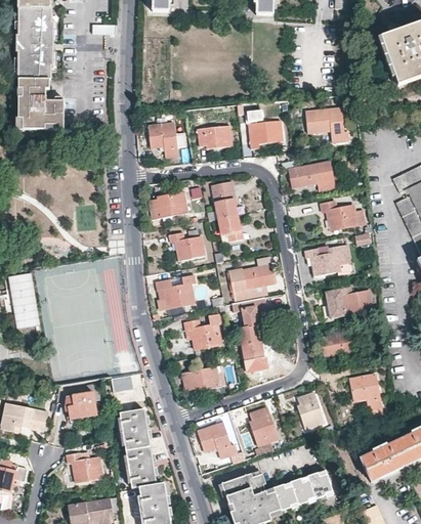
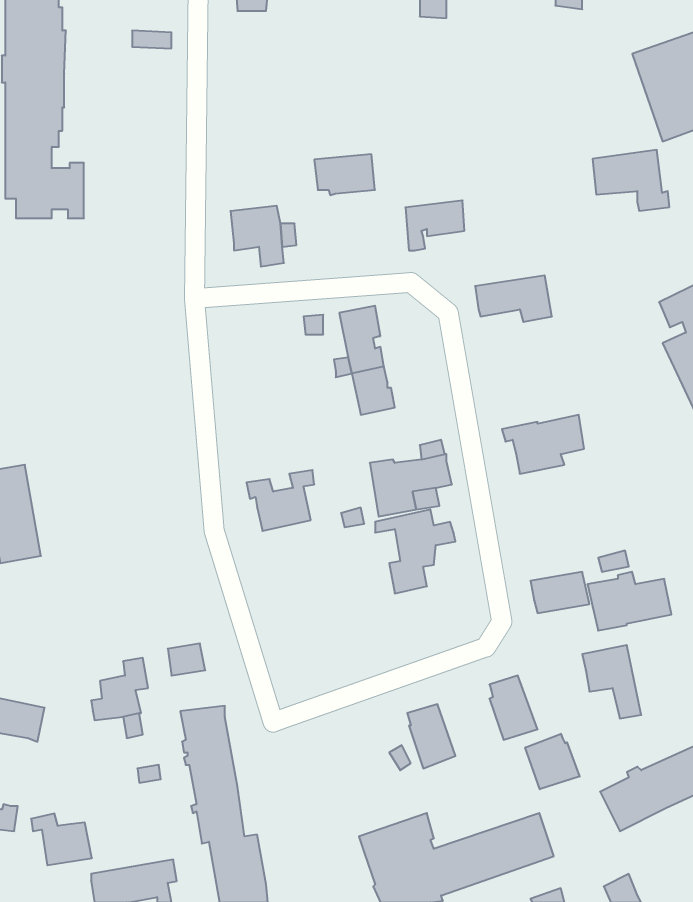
building: [304,106,348,141] -> [593,150,669,211]
building: [197,125,231,148] -> [314,154,375,195]
building: [149,190,187,220] -> none
building: [321,202,364,229] -> none
building: [169,232,204,261] -> none
building: [324,285,372,318] -> [587,572,671,631]
building: [184,316,220,349] -> none
building: [242,341,265,369] -> none
building: [180,361,222,391] -> none
building: [197,423,237,460] -> none
building: none -> [525,734,580,789]
building: [67,453,101,483] -> [31,813,92,865]

